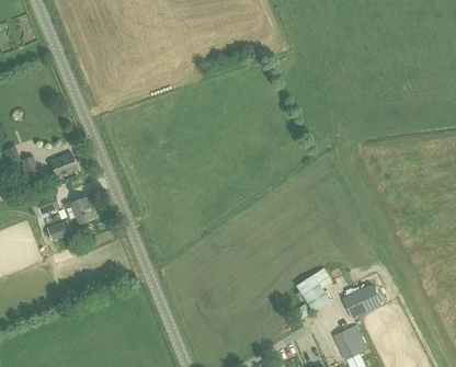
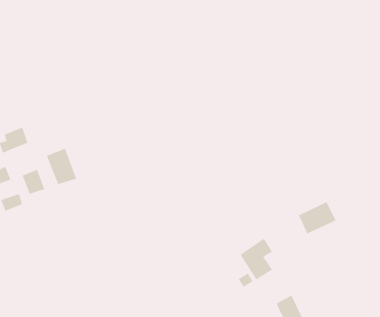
building: none -> [46,148,77,185]
building: [342,284,381,318] -> [298,202,336,234]

